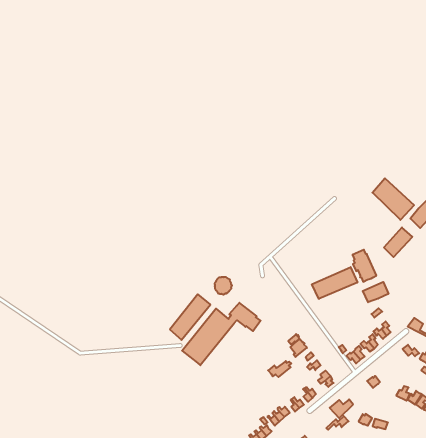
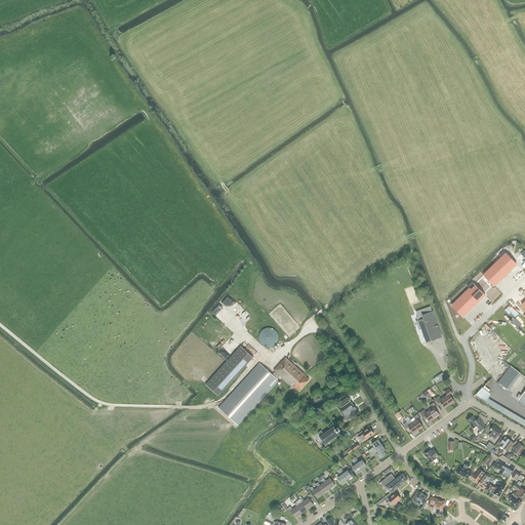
building: [372,178,414,220] -> none
building: [312,267,357,299] -> none
building: [363,282,388,302] -> none

